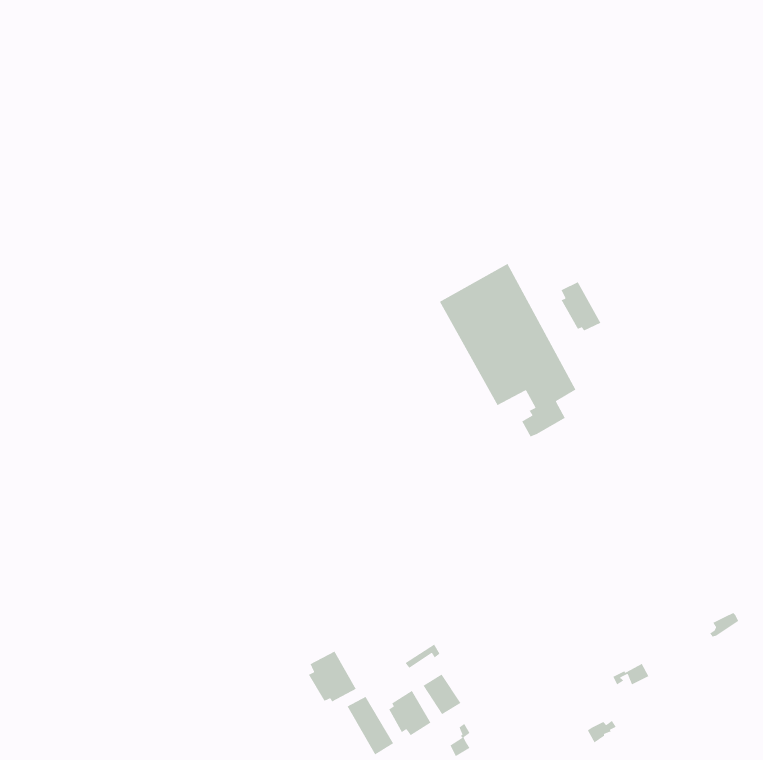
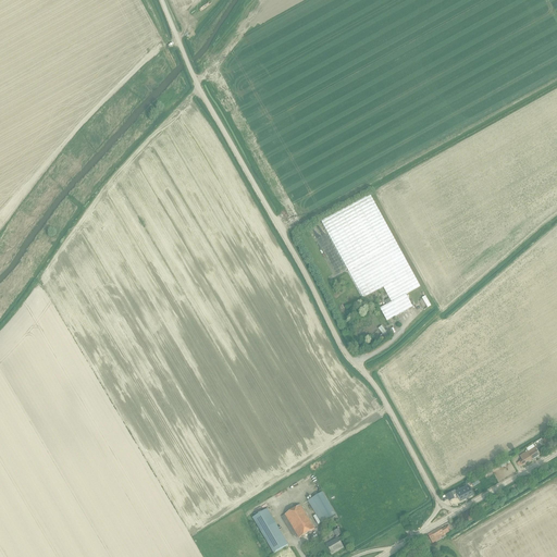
building: [560,281,602,332] -> none
building: [308,651,357,702] -> none

